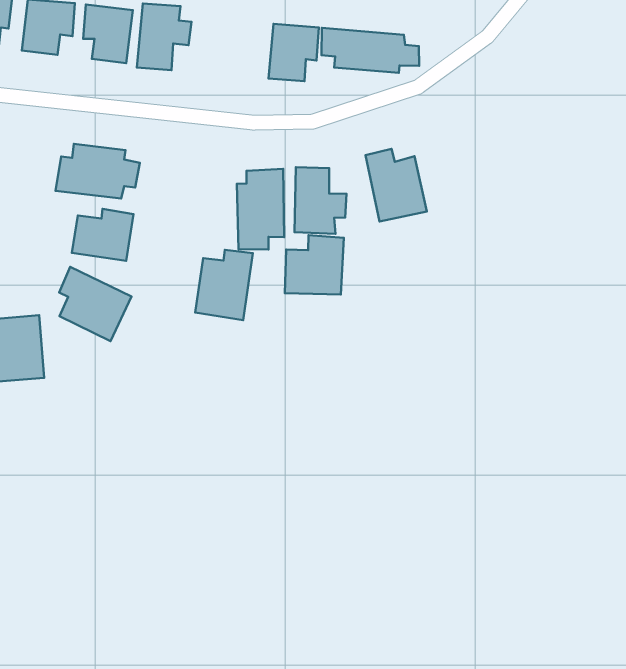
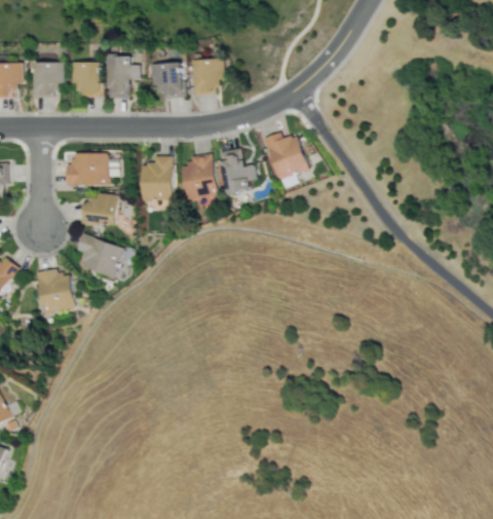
building: none -> [152,63,185,97]
building: [321,28,419,73] -> none
building: [285,235,344,294] -> none
building: [195,250,253,320] -> [140,156,173,200]

